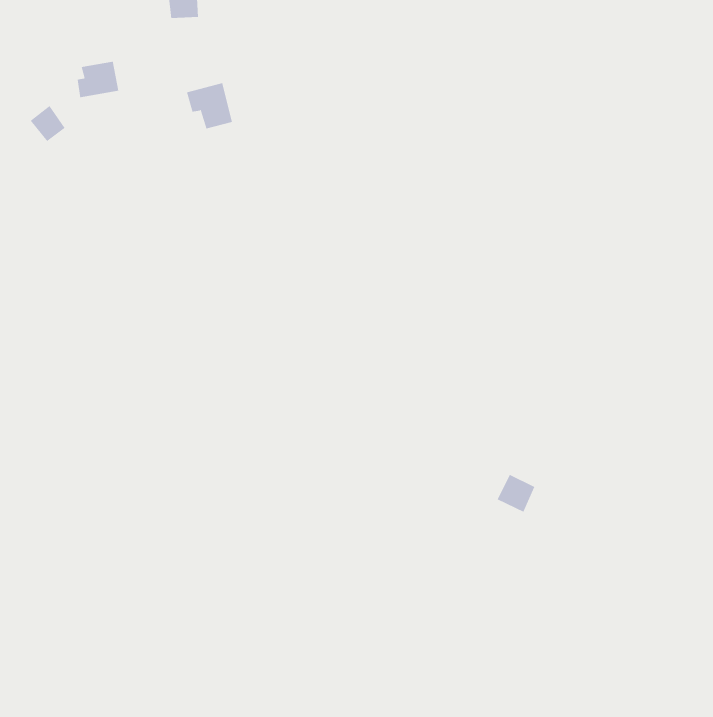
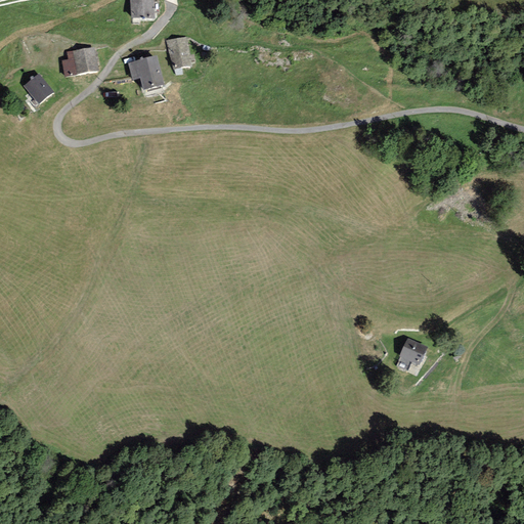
building: none -> [174,38,195,69]
building: [497,474,535,512] -> [398,339,426,366]

